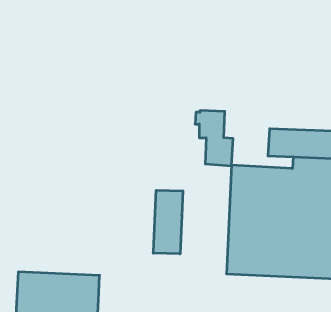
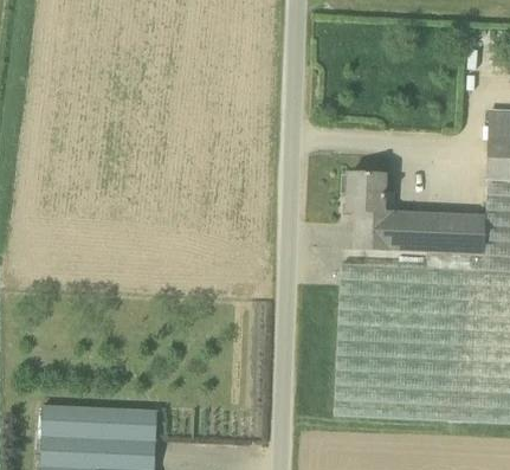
building: [195,111,233,166] -> [343,172,396,249]
building: [153,190,183,254] -> none

